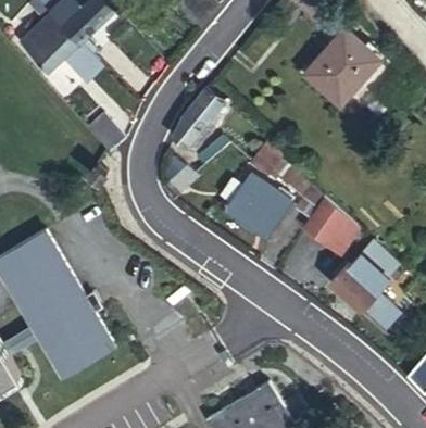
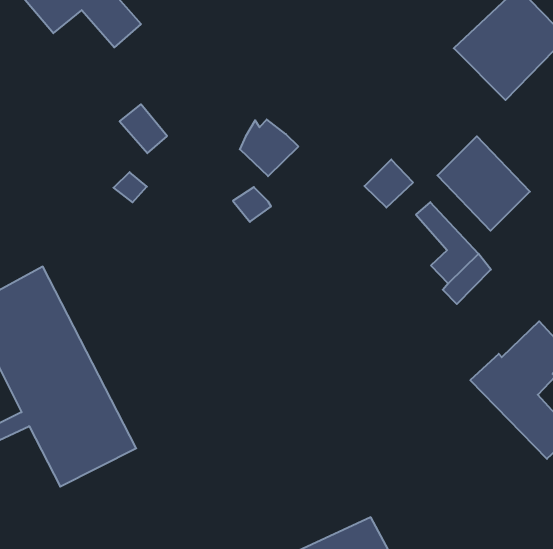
building: [178,86,226,134] -> none
building: [228,176,289,237] -> [437,136,530,231]
building: [317,213,361,257] -> none

